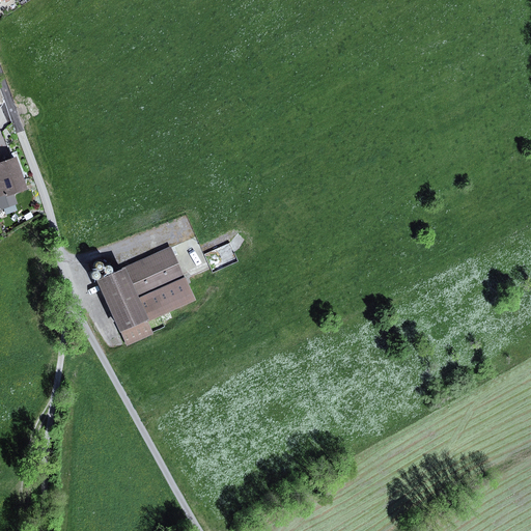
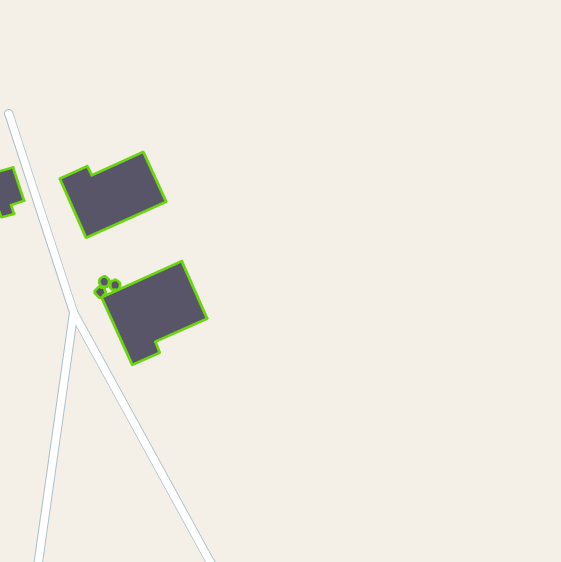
building: none -> [60,152,166,238]

